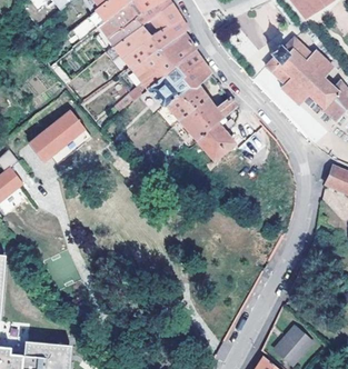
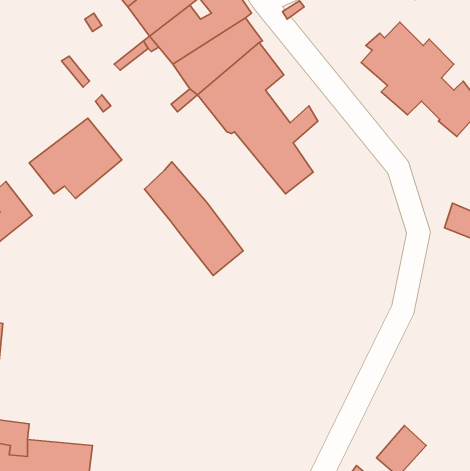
building: none -> [145,162,243,276]

